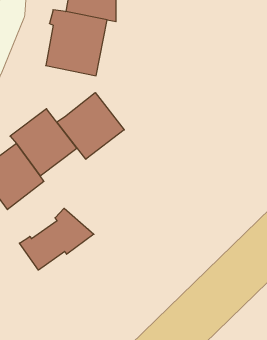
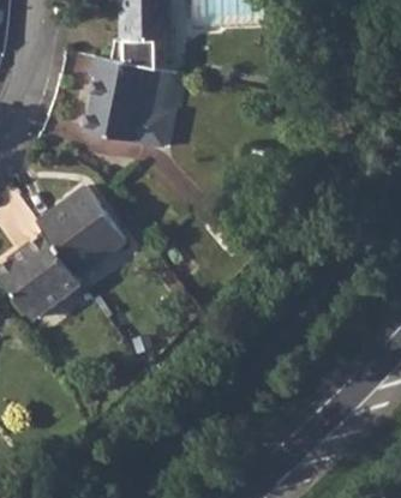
building: [57,93,124,159] -> none
building: [19,208,94,270] -> none

